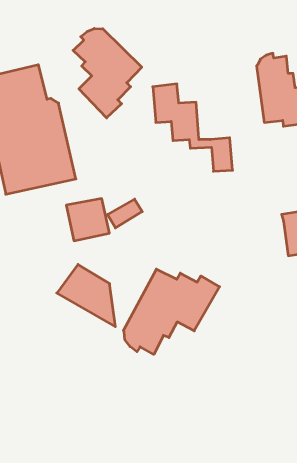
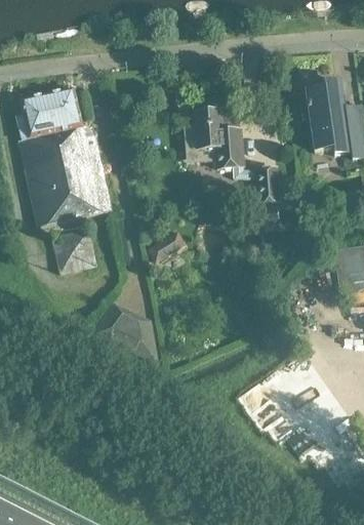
building: [73,28,142,118] -> none
building: [66,199,109,241] -> [51,228,97,273]
building: [123,269,220,354] -> none

